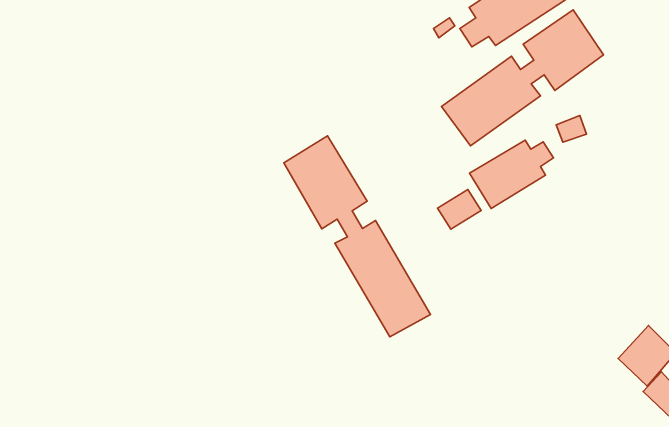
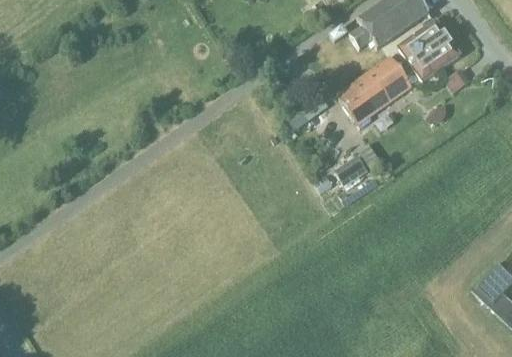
building: [284,136,431,337] -> none
building: [470,140,553,209] -> none

